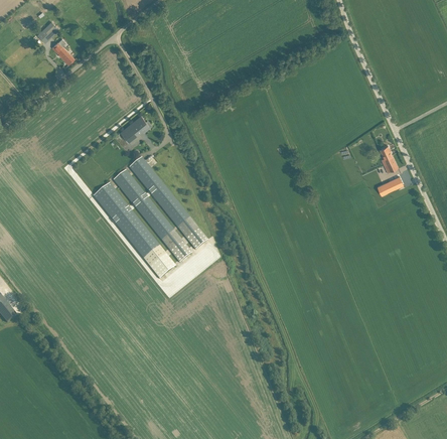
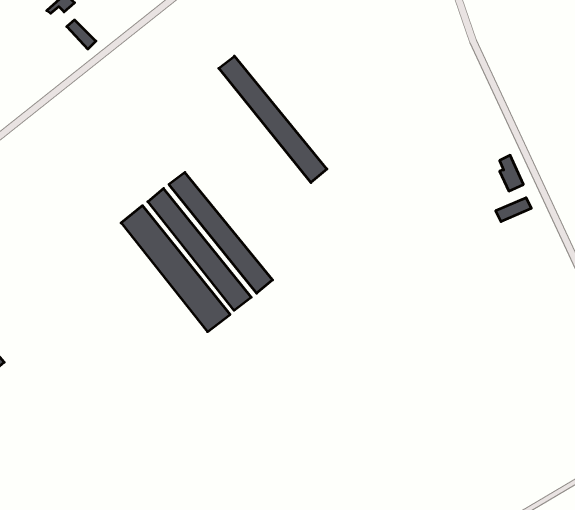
building: none -> [219,56,327,183]
building: [120,115,151,141] -> none

